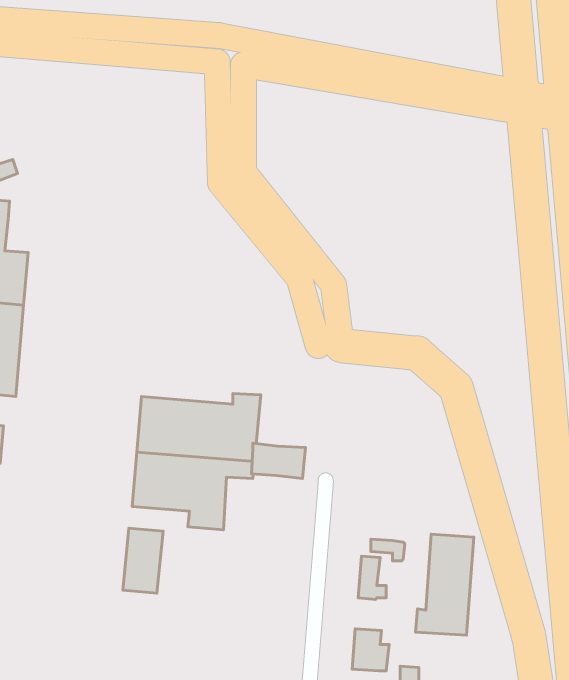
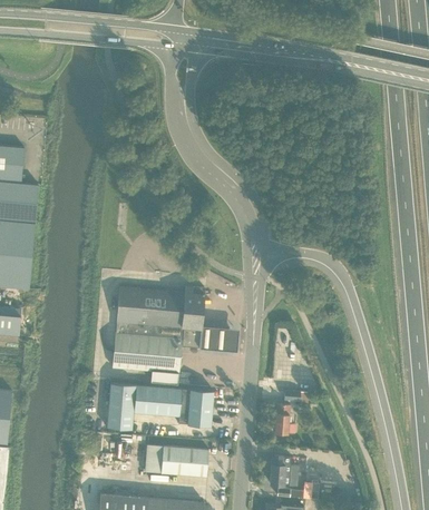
building: none -> [134,385,213,425]
building: [415,534,474,635] -> none
building: none -> [145,445,208,477]

